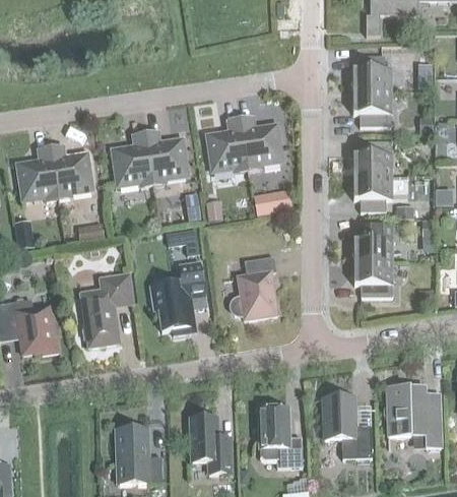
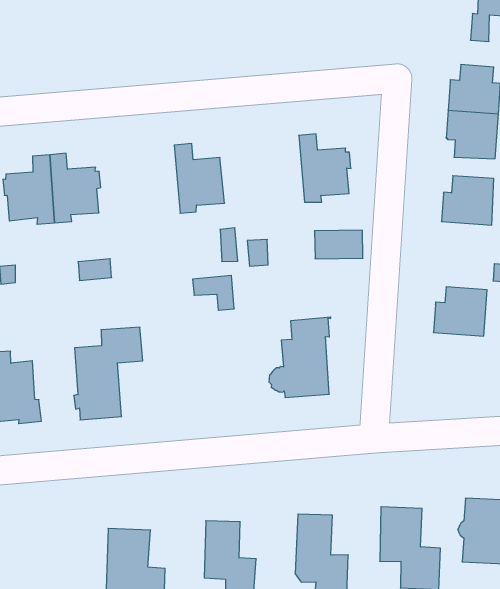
building: [207,118,248,171] -> none
building: [111,132,153,186] -> none
building: [353,176,392,211] -> none
building: [151,261,207,334] -> none
building: [353,261,392,297] -> none

